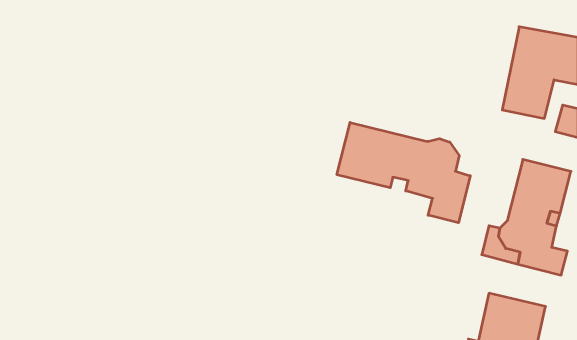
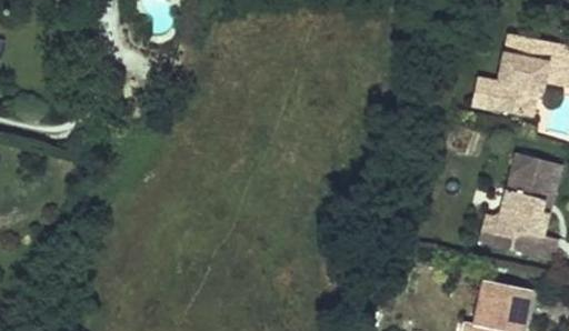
building: [337,122,470,223] -> none

